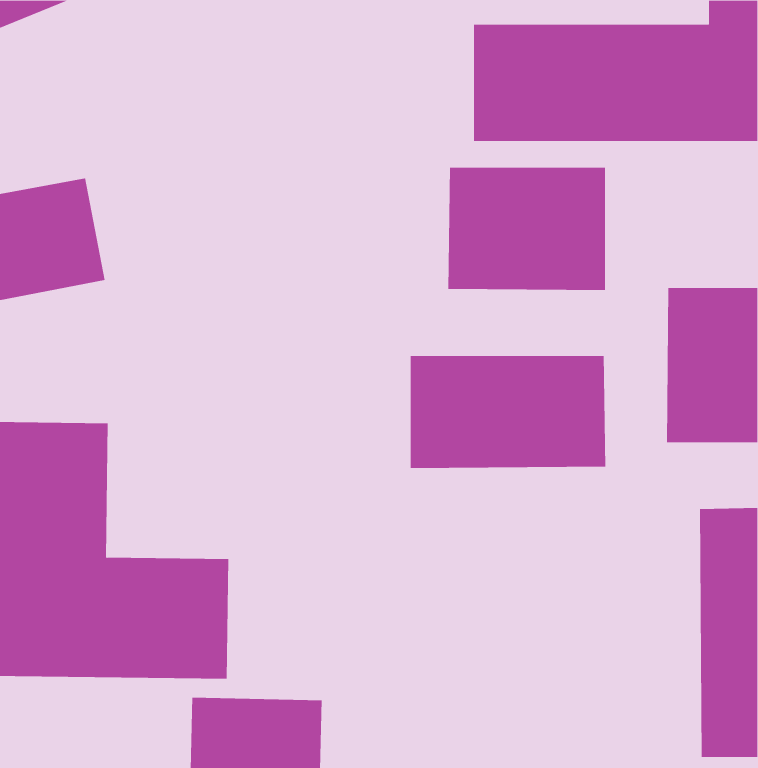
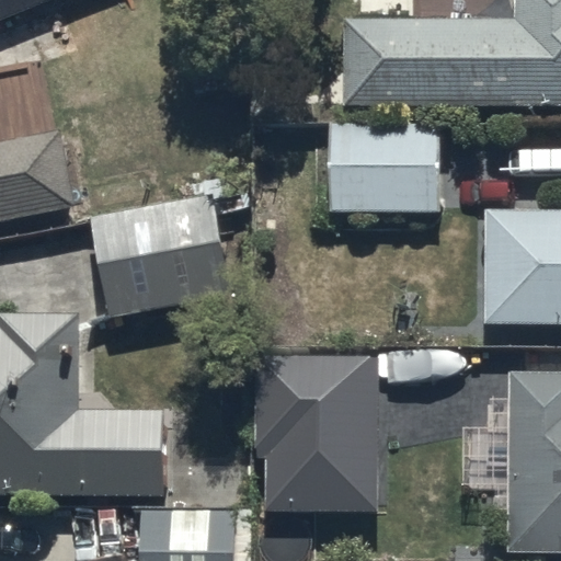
building: none -> [88,192,230,318]
building: [410,355,606,469] -> none
building: none -> [255,353,380,513]

